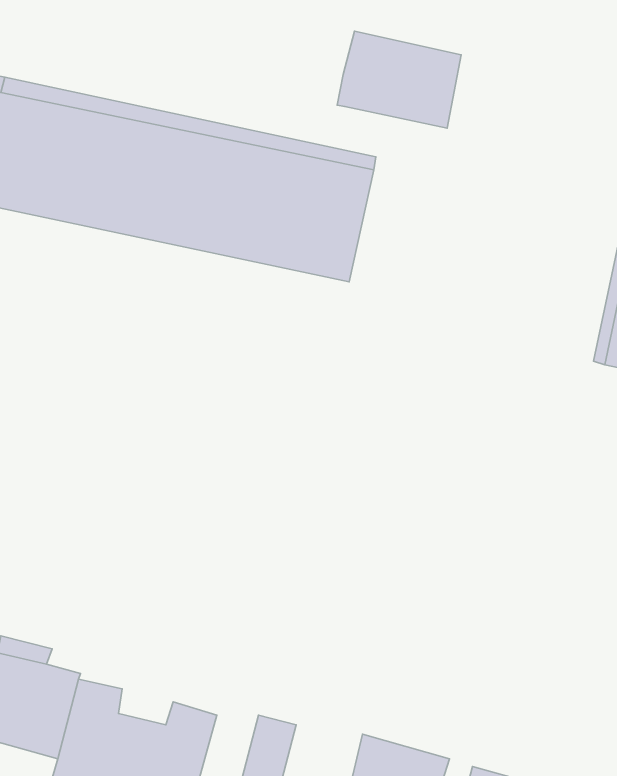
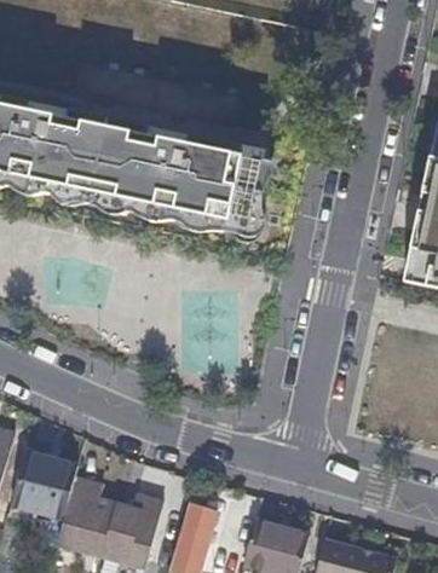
building: [337,31,461,128] -> none

